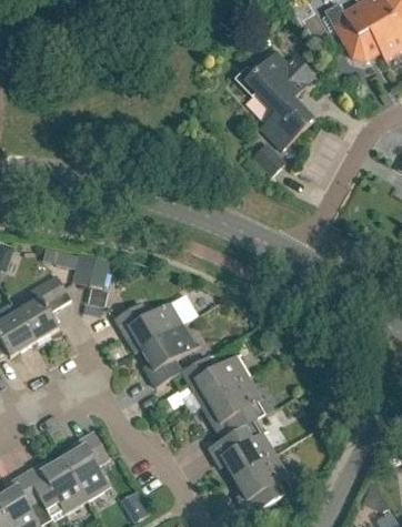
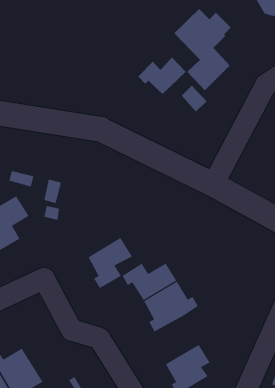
building: none -> [137,57,186,95]
building: [114,294,198,353] -> none
building: [208,420,275,478] -> none
building: [62,433,109,499] -> none

